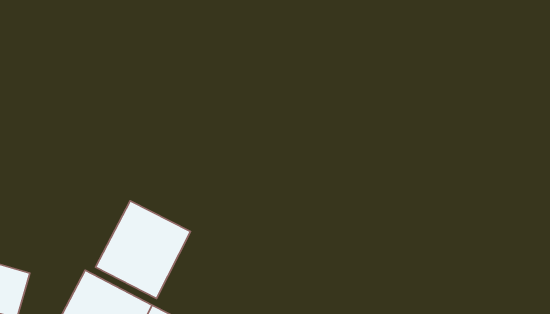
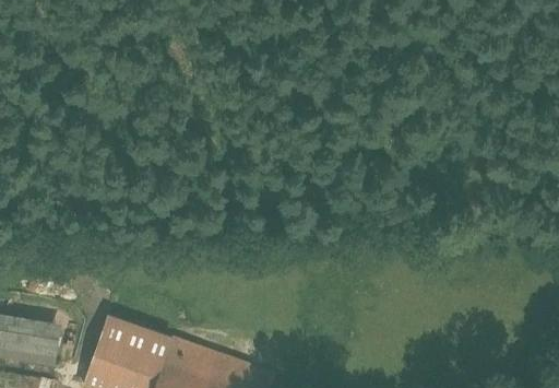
building: [96,201,190,299] -> none

